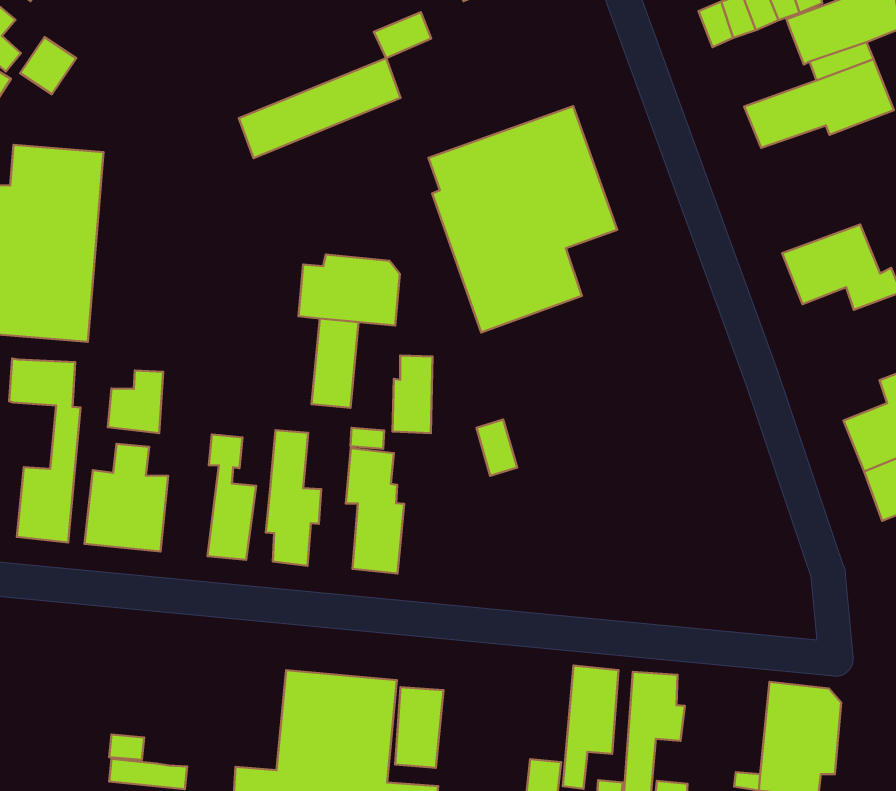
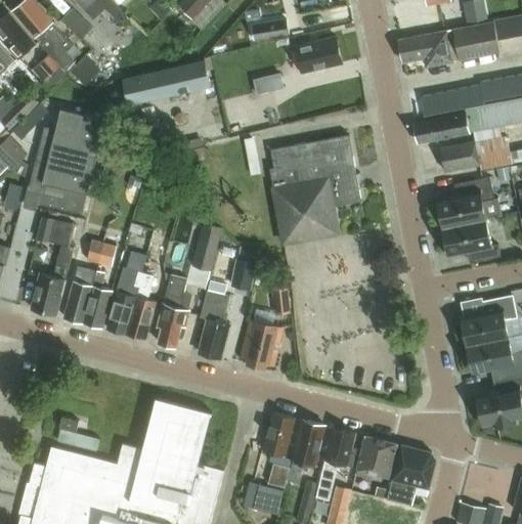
building: none -> [414,114,469,143]
building: [239,58,401,158] -> [124,62,208,102]
building: none -> [437,177,493,227]
building: [299,254,400,326] -> none
building: none -> [106,252,146,334]
building: none -> [240,320,281,368]
building: none -> [355,436,396,478]
building: [395,687,443,768] -> [263,412,294,456]

